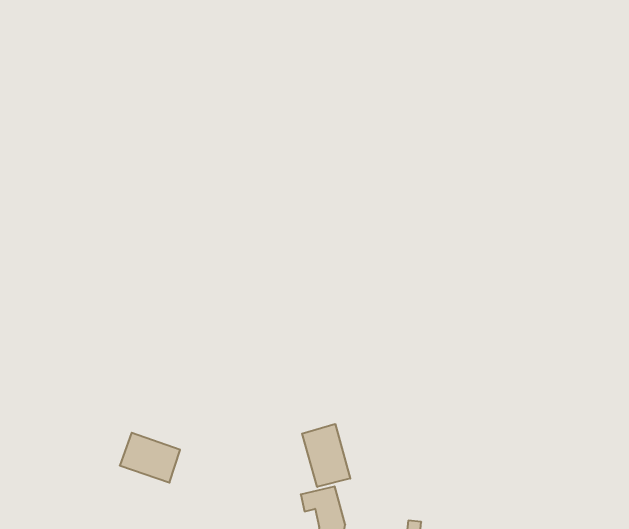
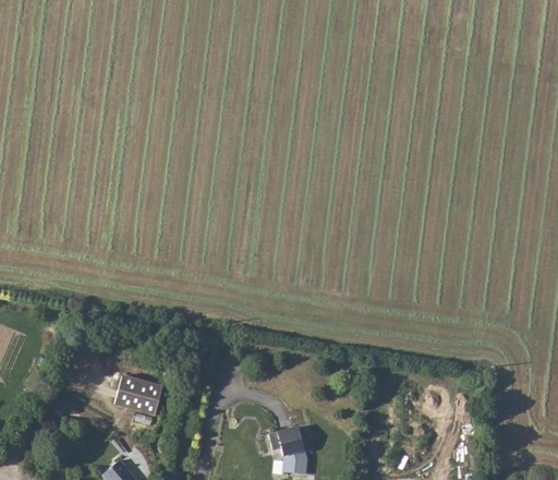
building: [302,424,350,487] -> none

